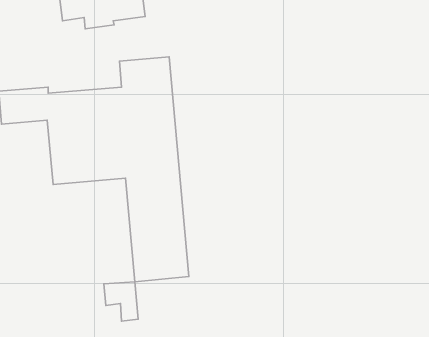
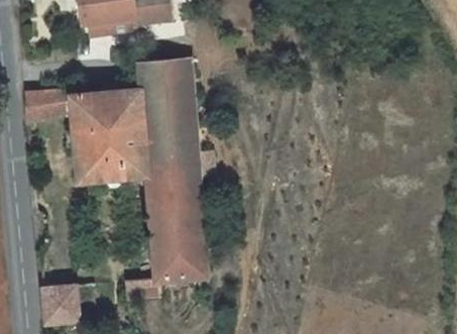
building: none -> [41,284,81,323]

